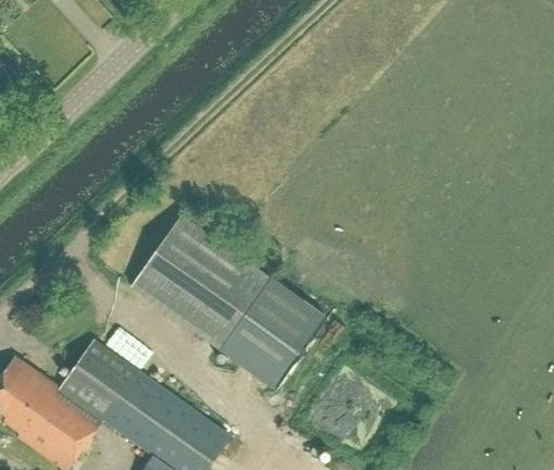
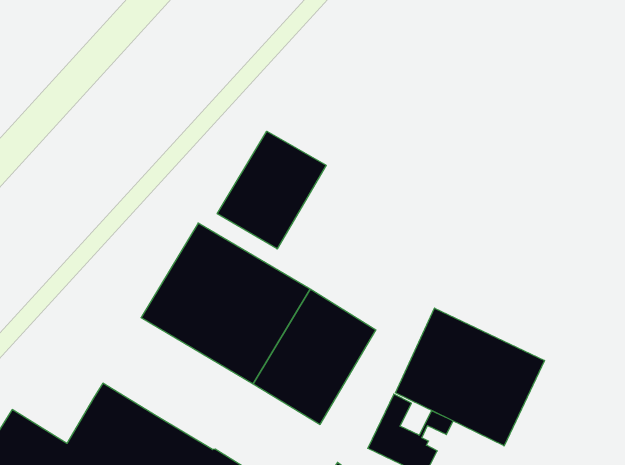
building: none -> [217,131,326,249]
building: none -> [396,308,544,446]

